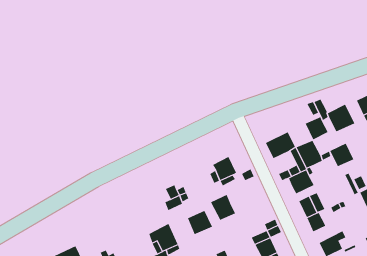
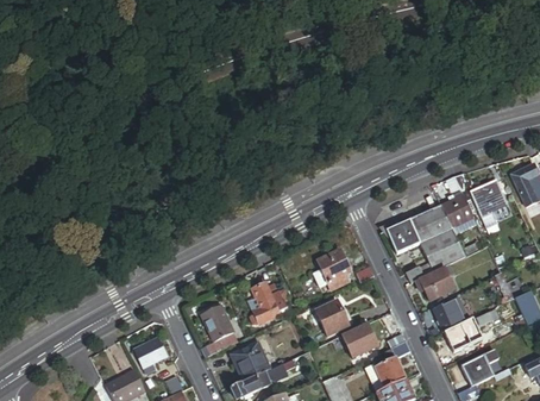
building: [330,143,354,167] -> [419,205,452,237]
building: none -> [201,303,239,353]
building: [187,210,213,235] -> [343,324,377,357]
building: none -> [132,336,165,365]

